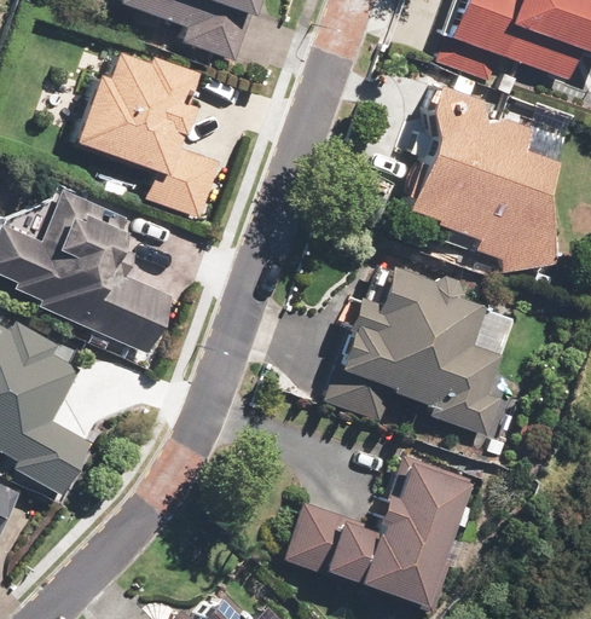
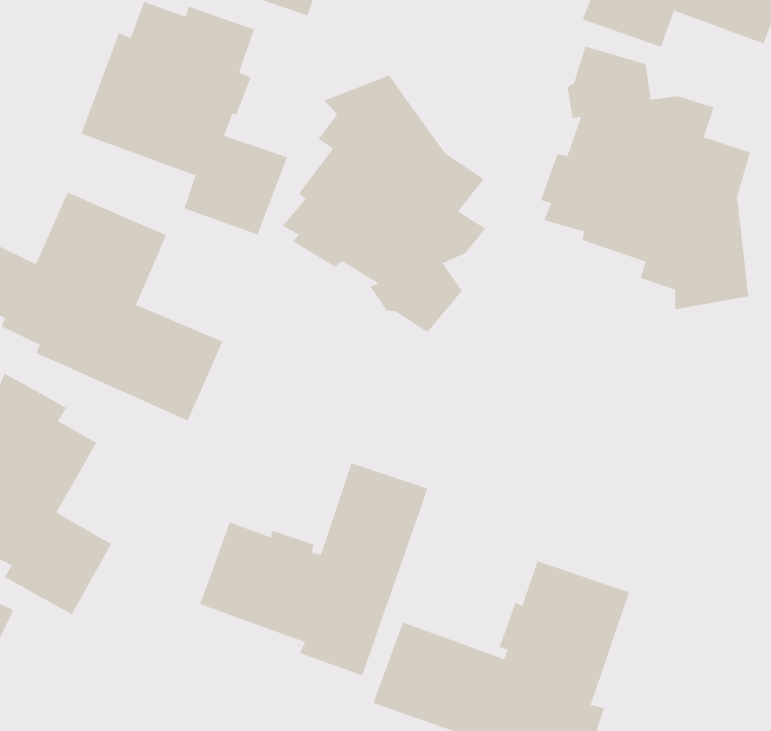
building: none -> [282,75,486,333]
building: [323,262,503,436] -> none
building: none -> [200,463,428,676]

